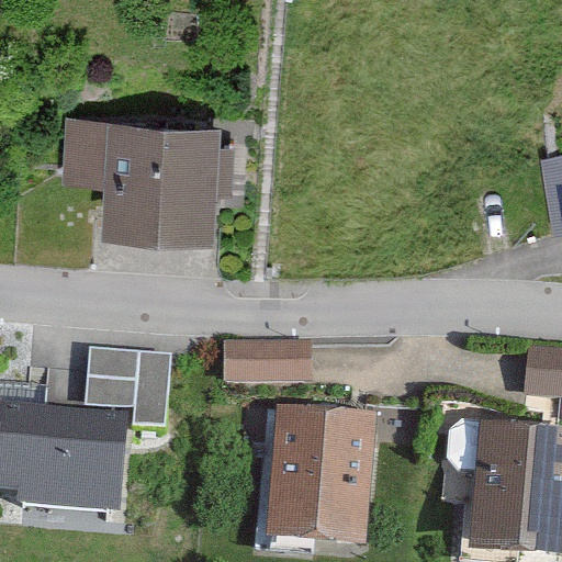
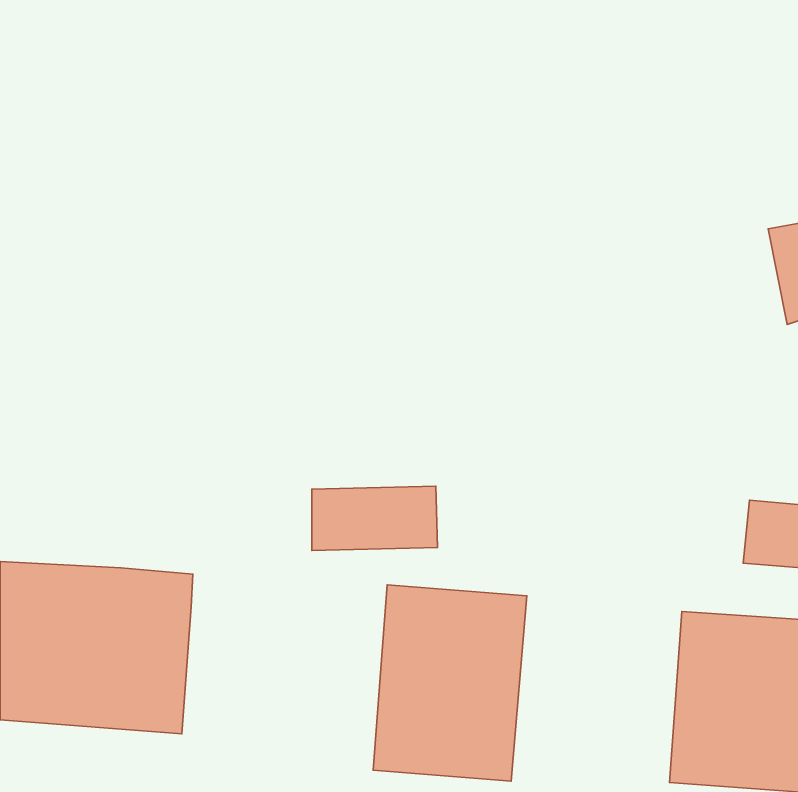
building: [61,114,231,225] -> none
building: [87,342,175,427] -> none

